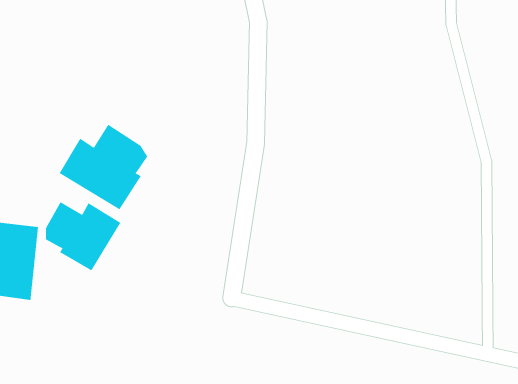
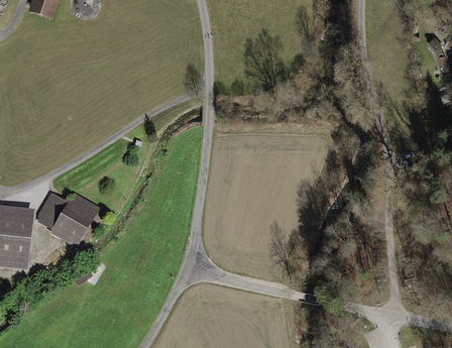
building: [59,124,148,210] -> none

